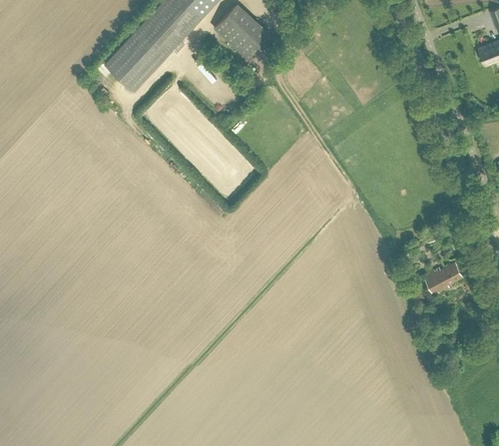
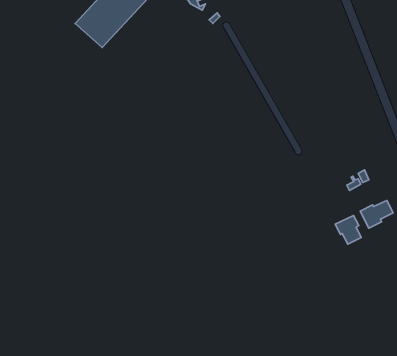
building: none -> [335,216,361,244]

